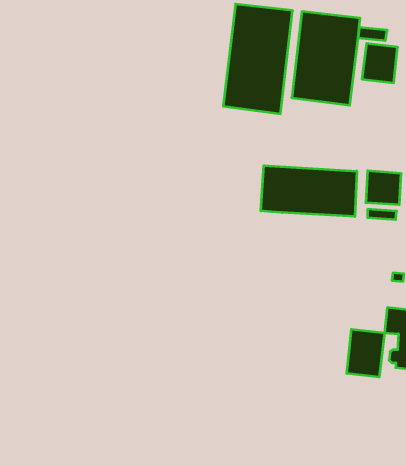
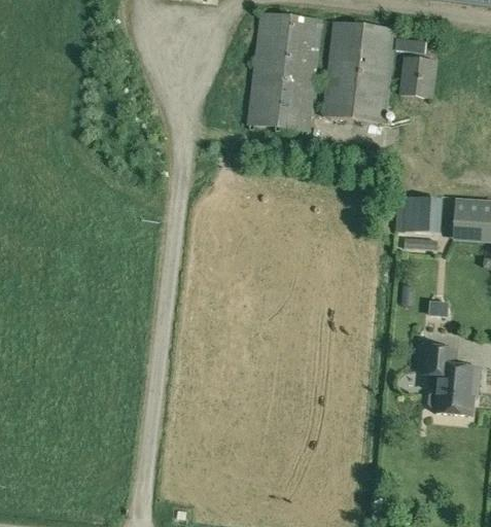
building: [261,166,357,217] -> none
building: [347,329,384,377] -> none

